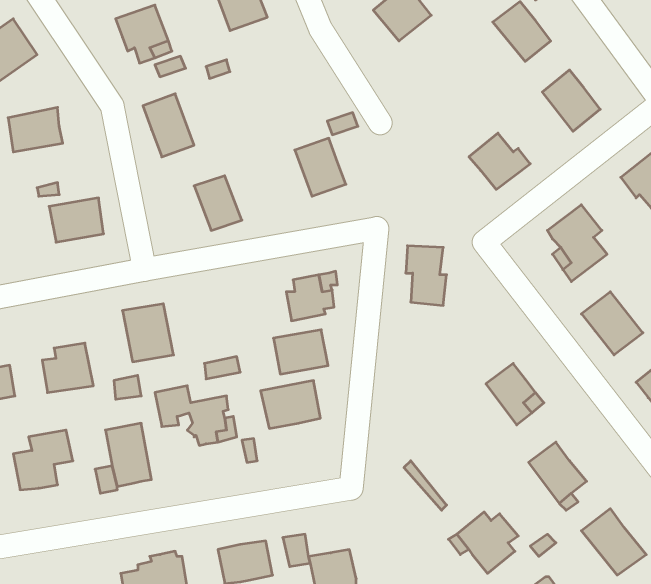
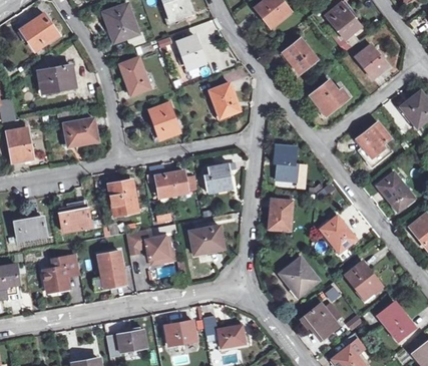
building: none -> [177,36,204,67]
building: none -> [283,39,315,72]
building: [273,330,328,374] -> [155,170,187,197]
building: none -> [269,199,291,230]
building: none -> [281,258,317,295]

